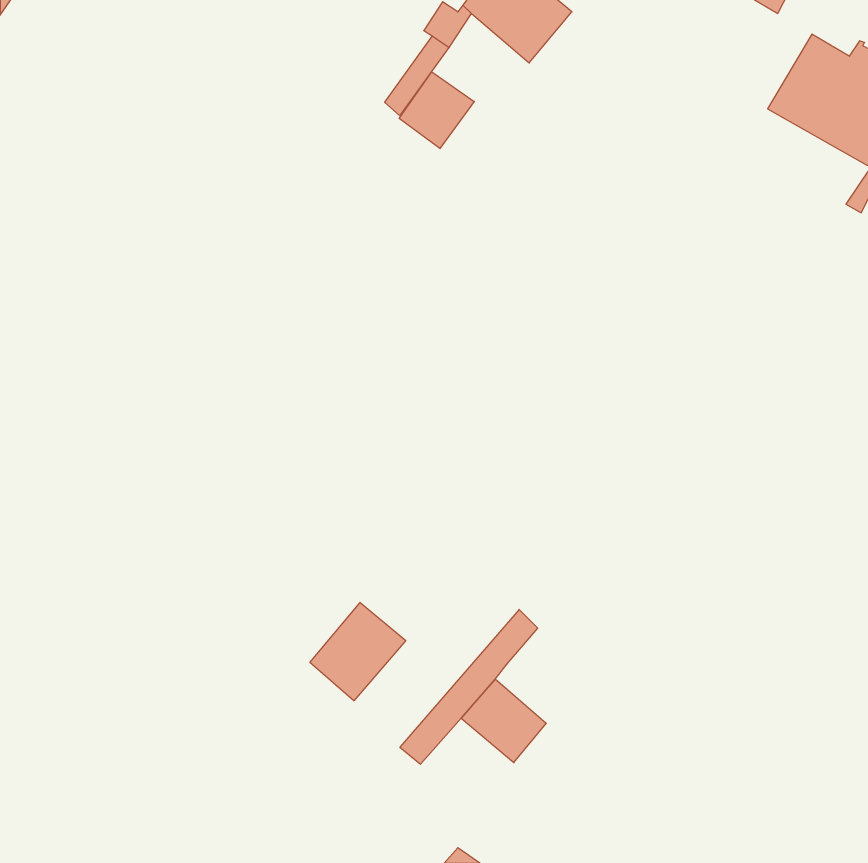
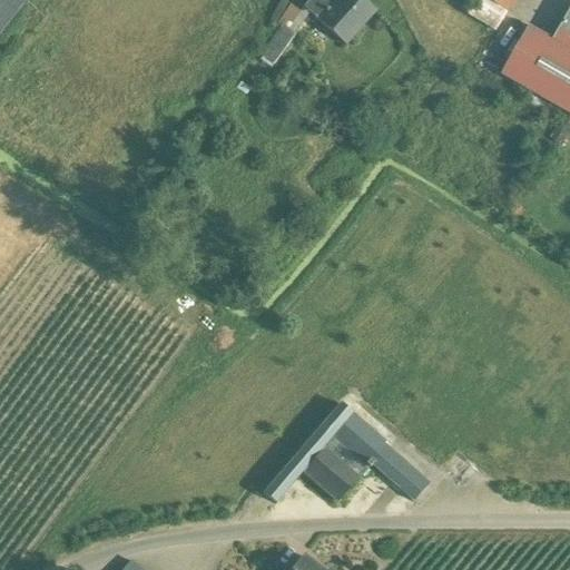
building: [399,72,474,149] -> none
building: [310,602,406,701] -> none
building: none -> [333,411,430,498]

